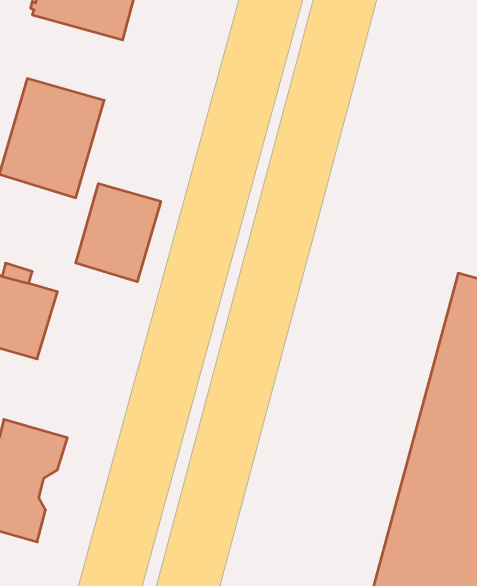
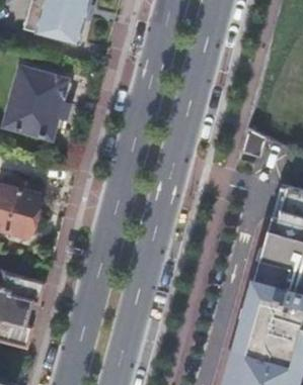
building: [76,184,161,282] -> none

